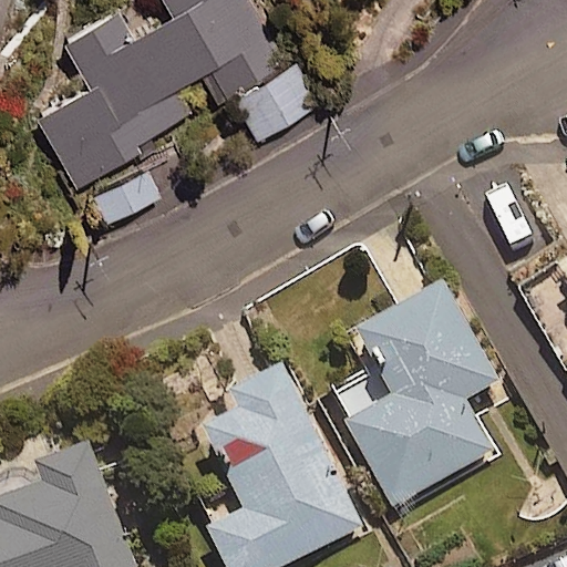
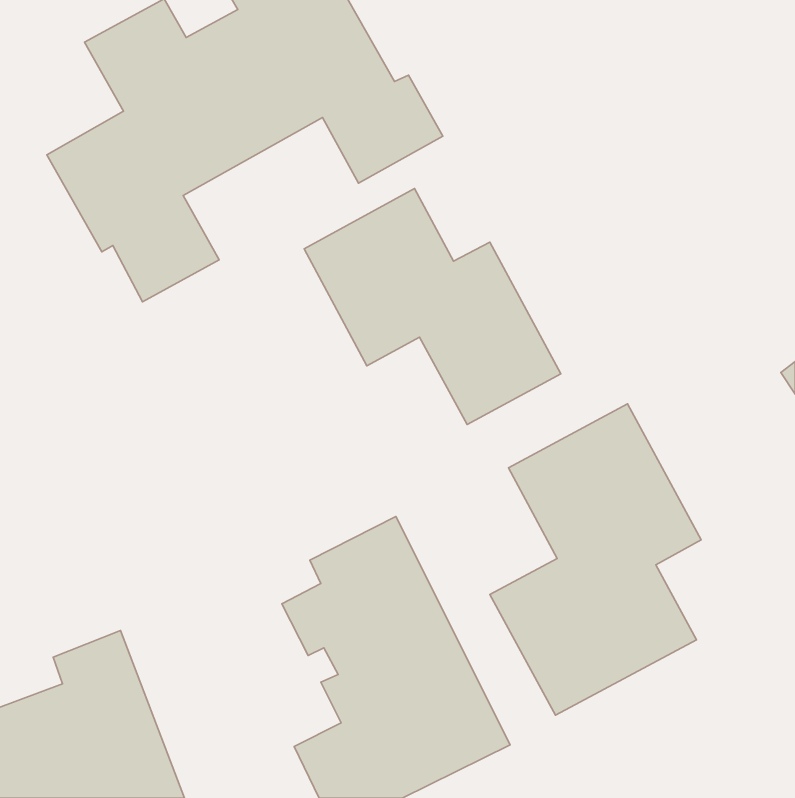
building: none -> [304,189,561,425]

